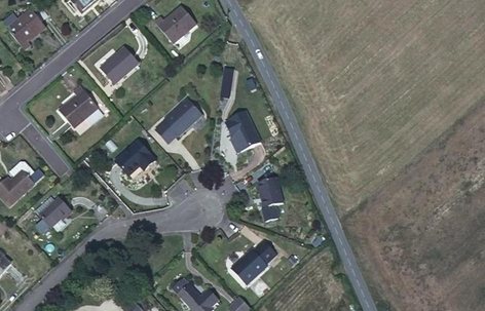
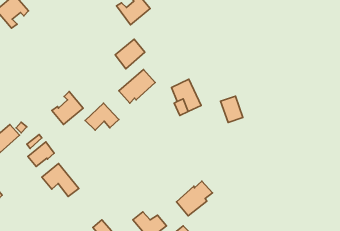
building: [101,49,138,86] -> [115,39,145,69]
building: [57,89,96,130] -> [52,92,83,124]
building: [259,185,287,218] -> [221,96,243,123]
building: none -> [42,164,79,197]

